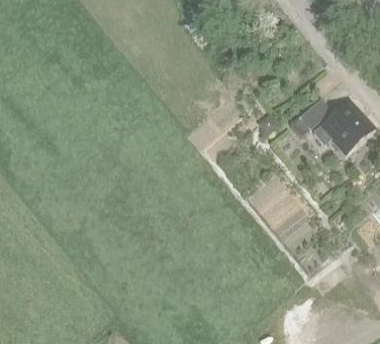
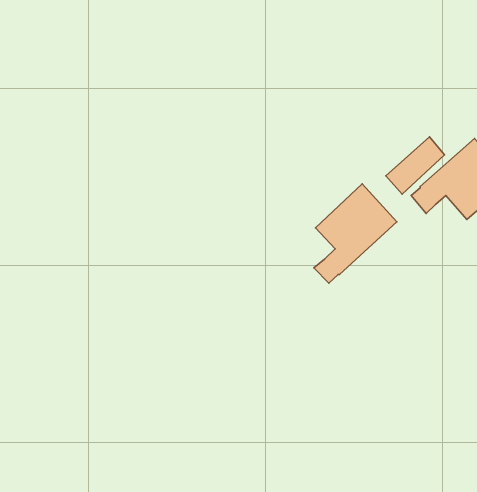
building: none -> [314,184,397,283]

